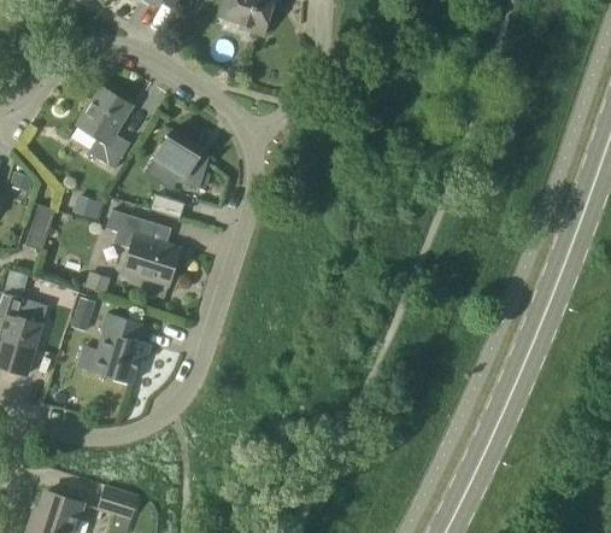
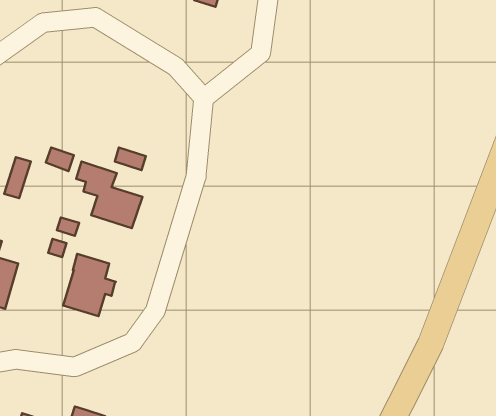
building: [76,86,133,169] -> none
building: [154,130,210,189] -> none

